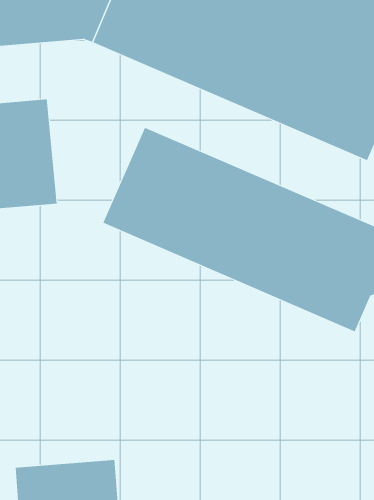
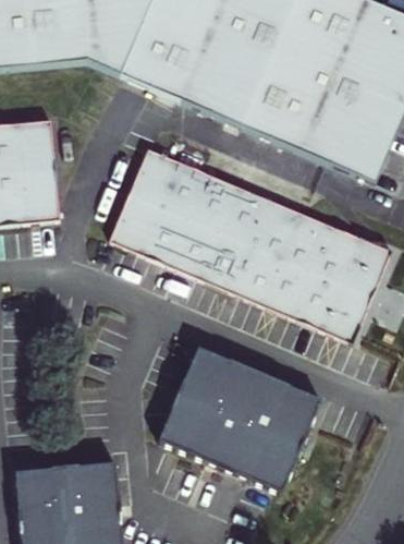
building: none -> [167,354,322,497]

